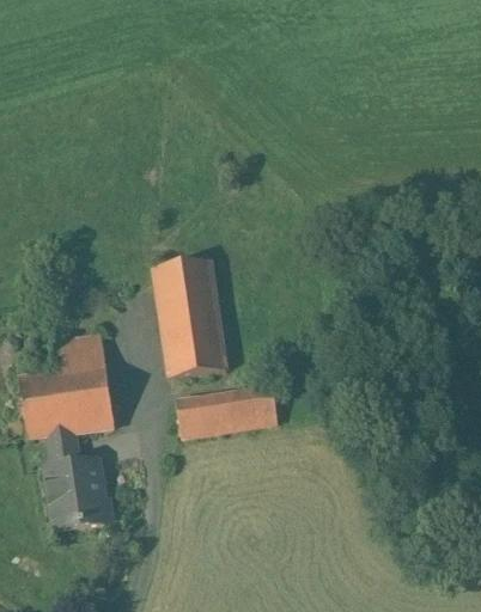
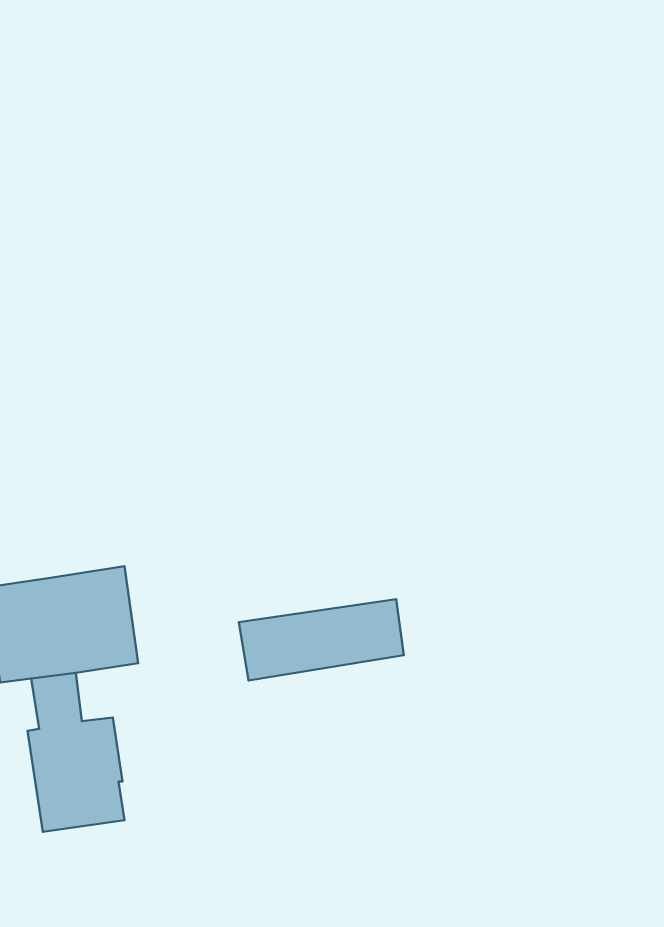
building: [153,258,226,377] -> none
building: [56,335,105,372] -> none

